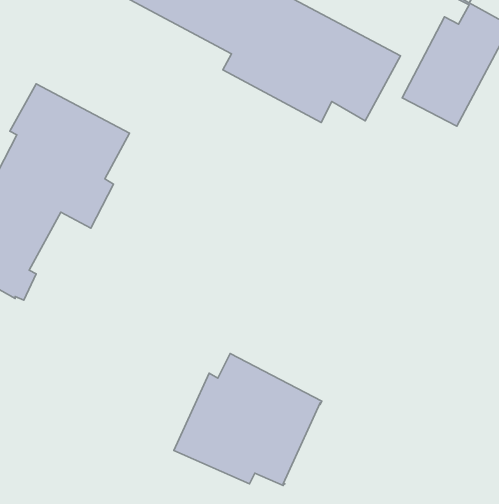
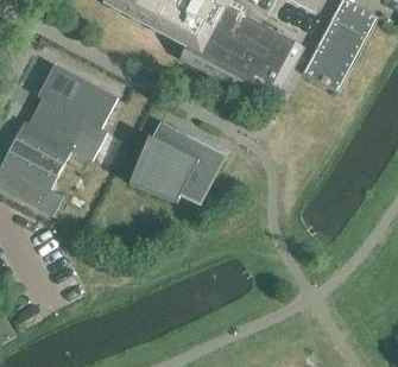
building: [174,354,322,486] -> [125,119,225,208]

